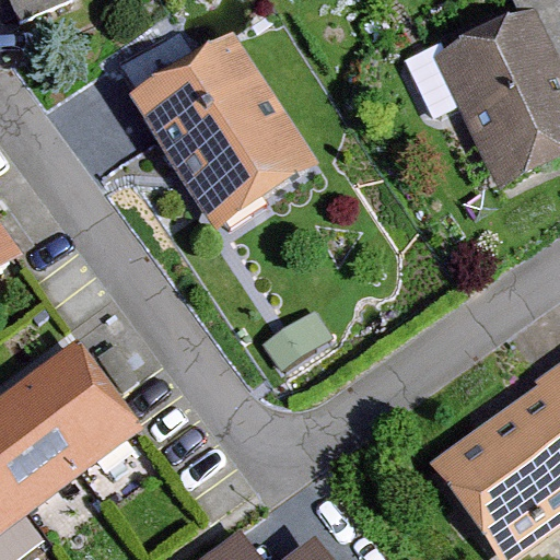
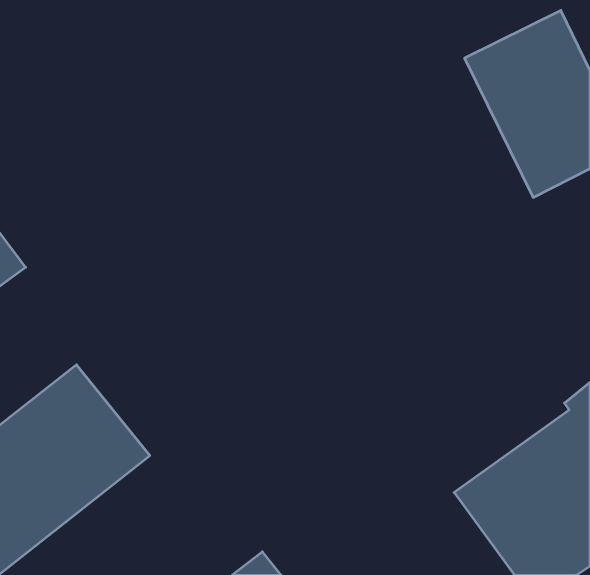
building: [133,35,317,230] -> none

